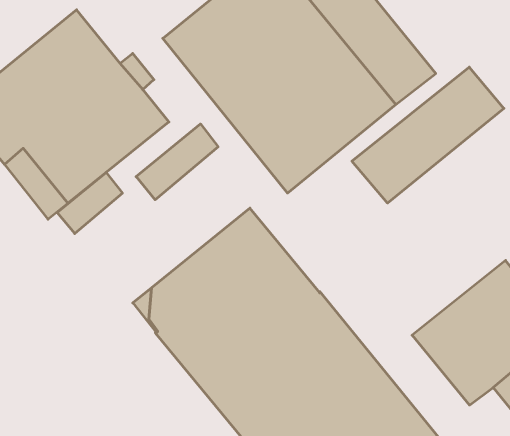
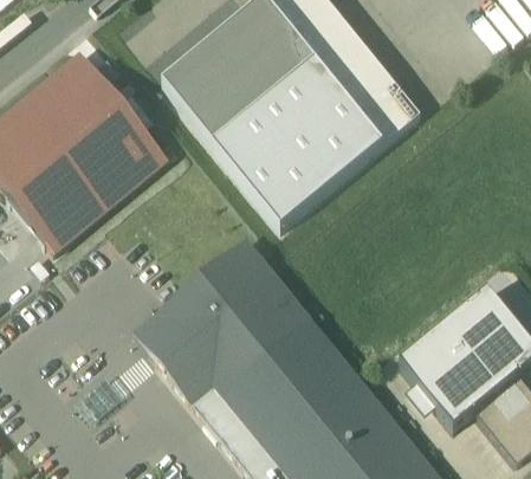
building: [352,67,504,203] -> none
building: [136,124,218,200] -> none
building: [57,172,122,234] -> none

